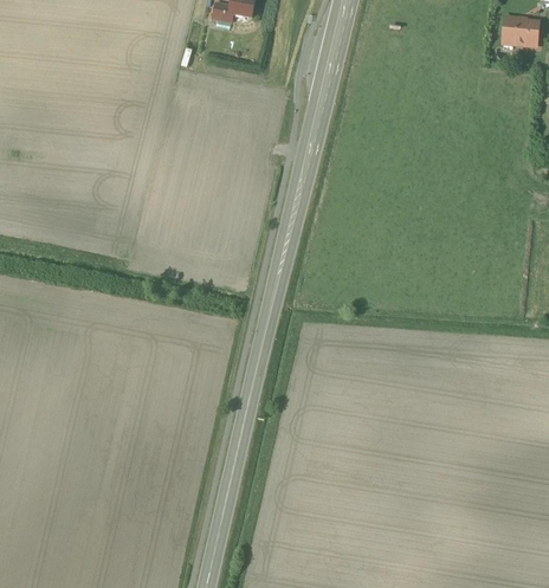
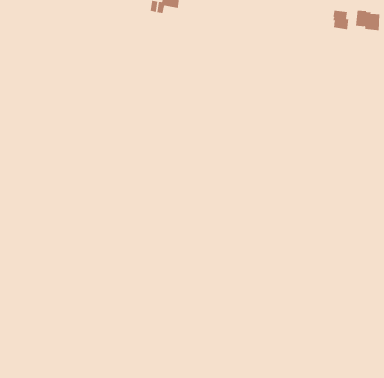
building: none -> [333,10,349,30]

